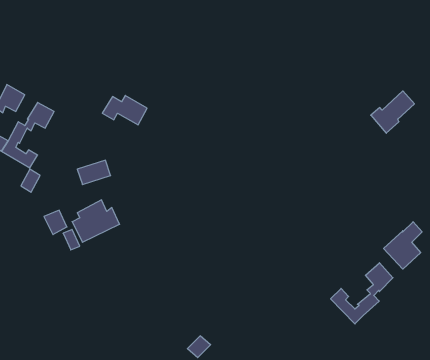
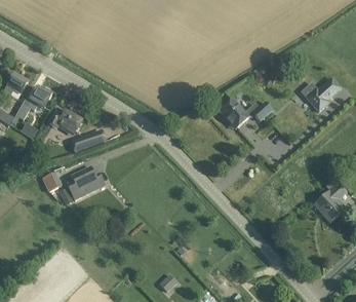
building: [102,95,147,125] -> [46,107,82,130]
building: none -> [217,98,271,125]
building: [331,263,393,324] -> none

